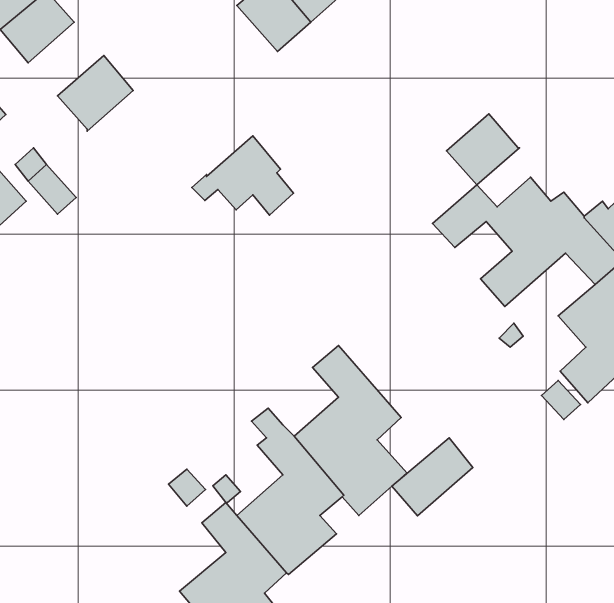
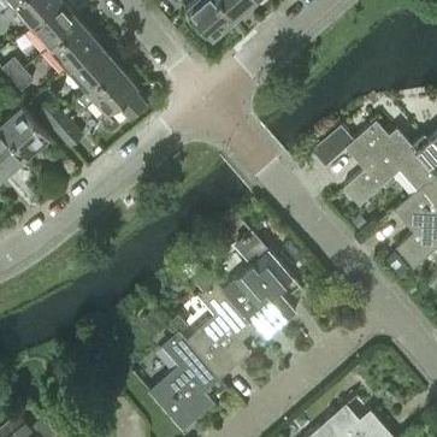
building: none -> [49,20,99,69]
building: [446,114,520,185] -> none
building: [192,136,293,215] -> [78,65,144,117]
building: [392,438,473,516] -> none

